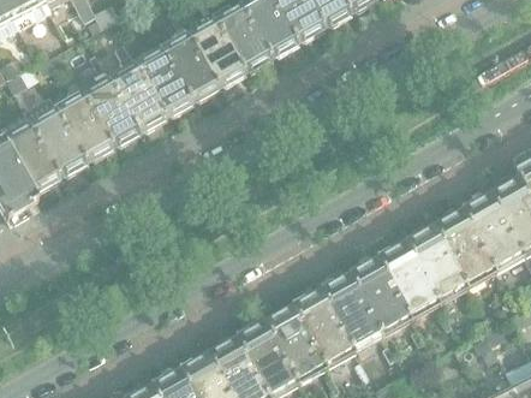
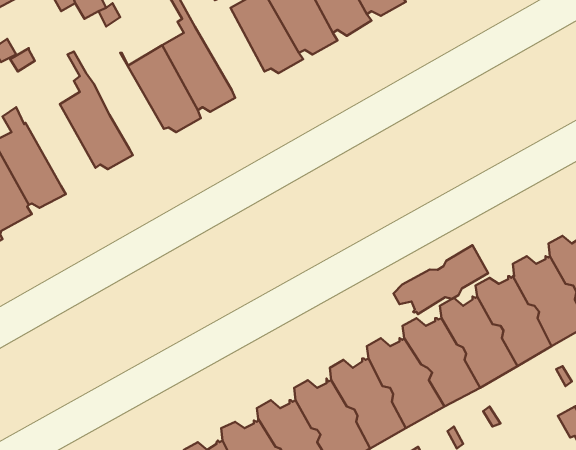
building: [186,22,244,88] -> none
building: [102,57,165,132] -> none
building: [55,79,113,162] -> none
building: none -> [393,245,488,314]

